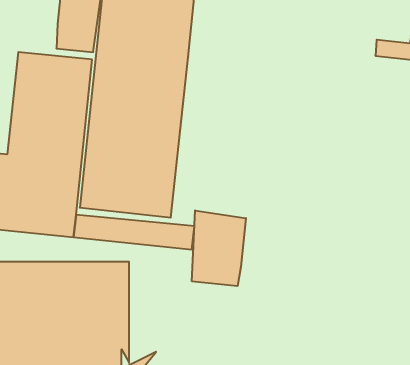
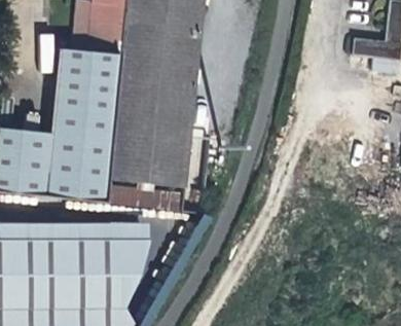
building: [192,210,246,286] -> none

